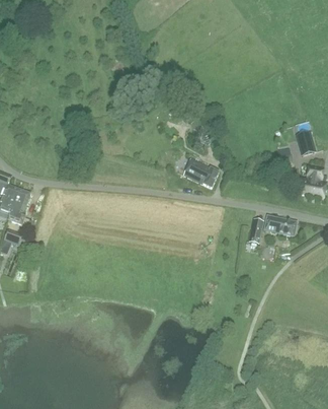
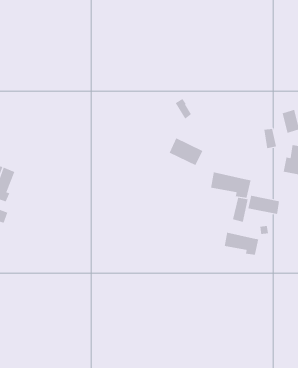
building: none -> [211,172,251,199]
building: none -> [224,232,259,255]

